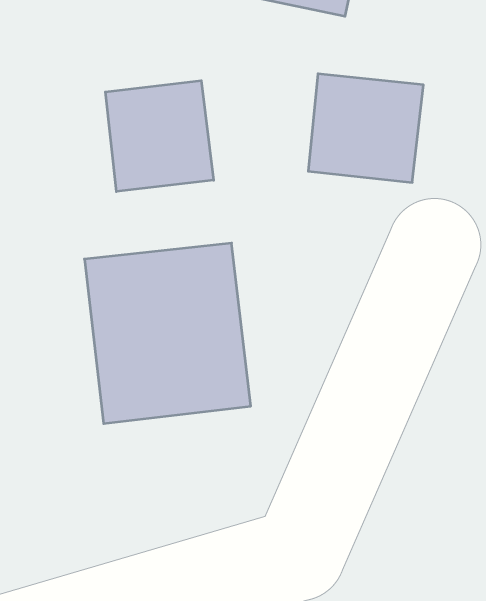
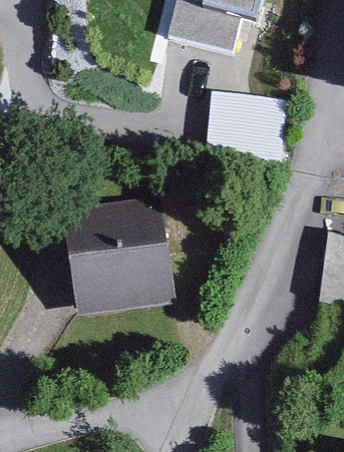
building: [105,81,214,192] -> none

